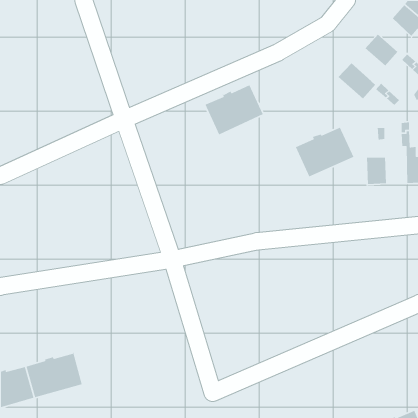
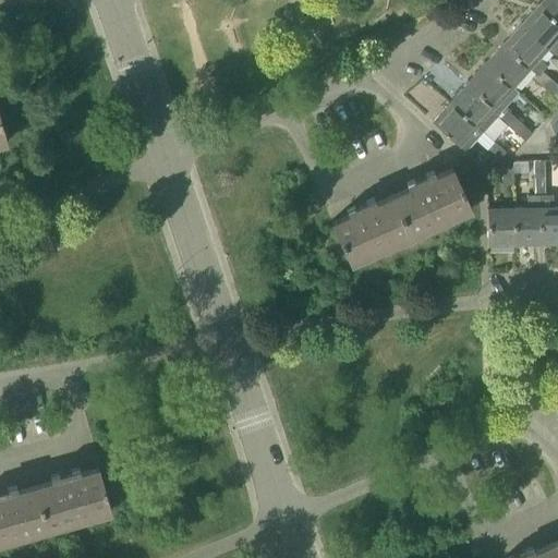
building: none -> [504,26,548,71]
building: none -> [469,66,519,114]
building: none -> [434,105,507,162]
building: [204,84,264,136] -> [332,197,412,266]
building: none -> [514,197,542,246]

